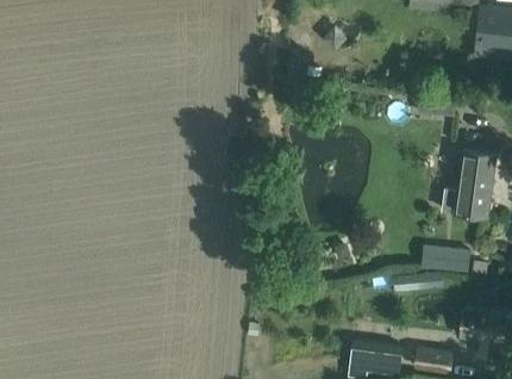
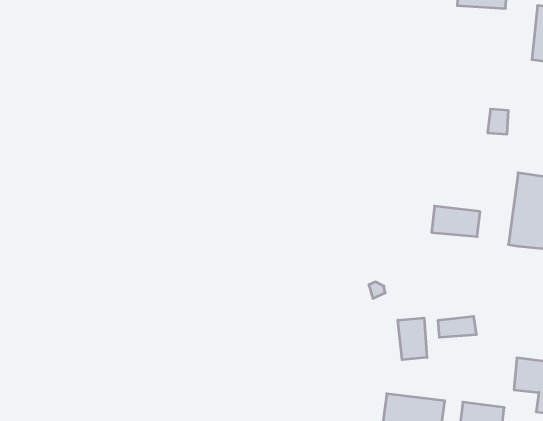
building: [429,246,470,272] -> [432,206,480,237]
building: none -> [398,318,427,360]

